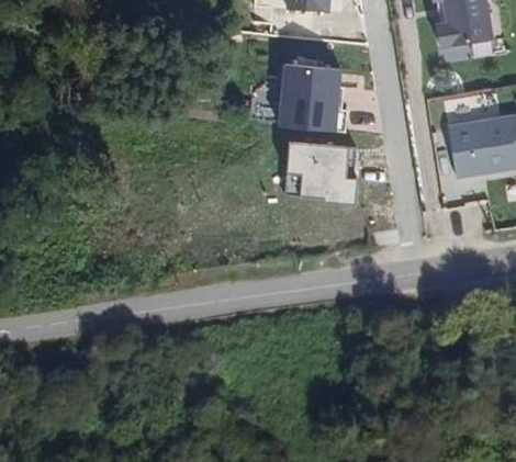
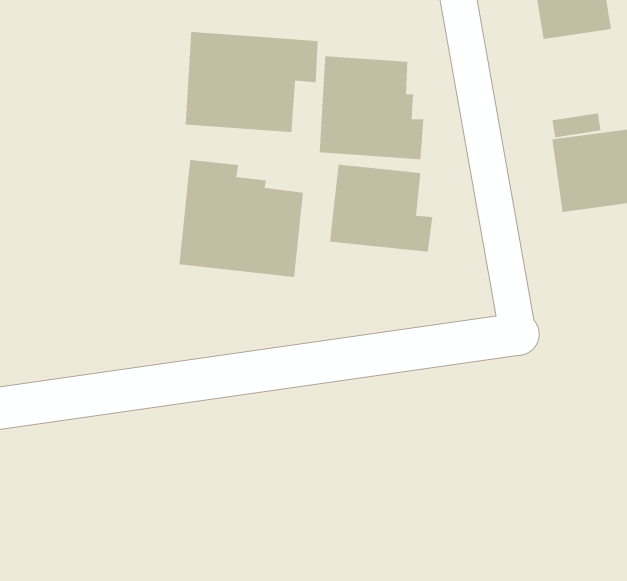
building: none -> [185,31,318,133]
building: none -> [179,159,304,278]

